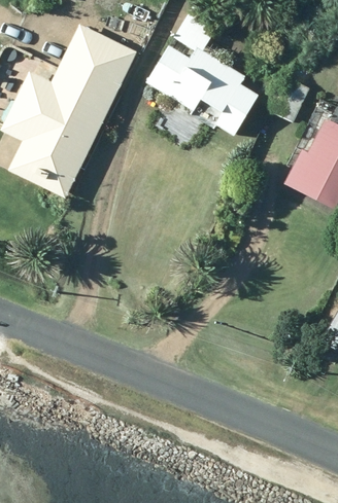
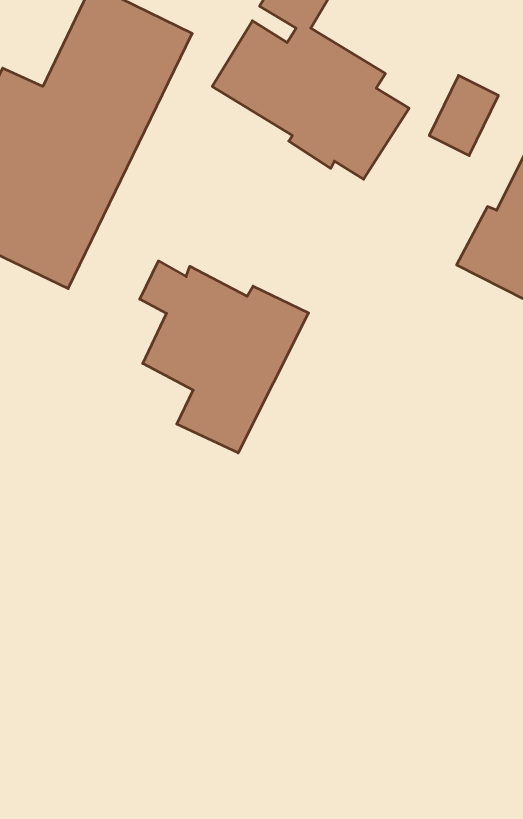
building: none -> [140,261,309,453]

